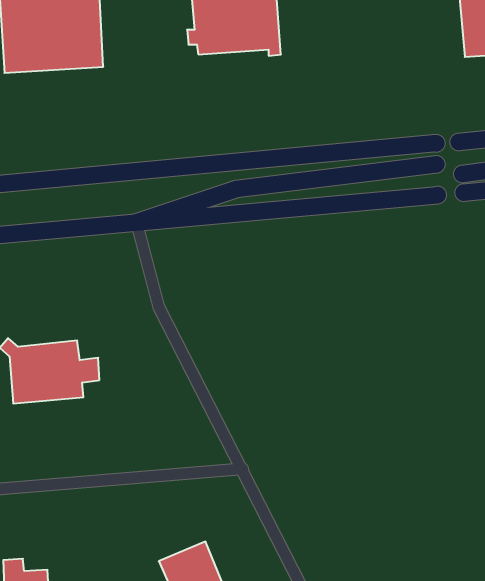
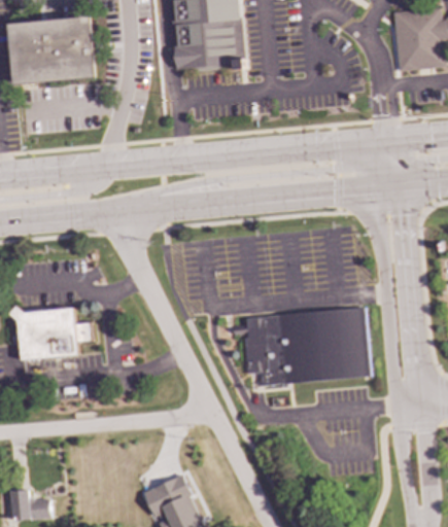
building: none -> [232,307,370,386]

